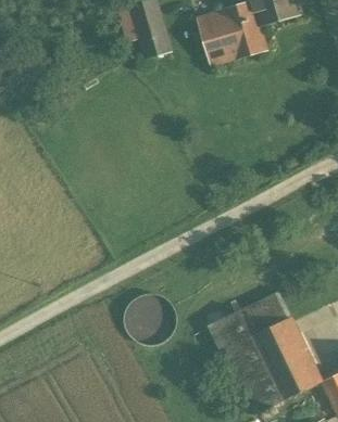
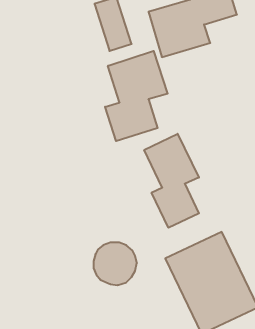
building: none -> [105,51,168,141]
building: none -> [144,134,199,228]

